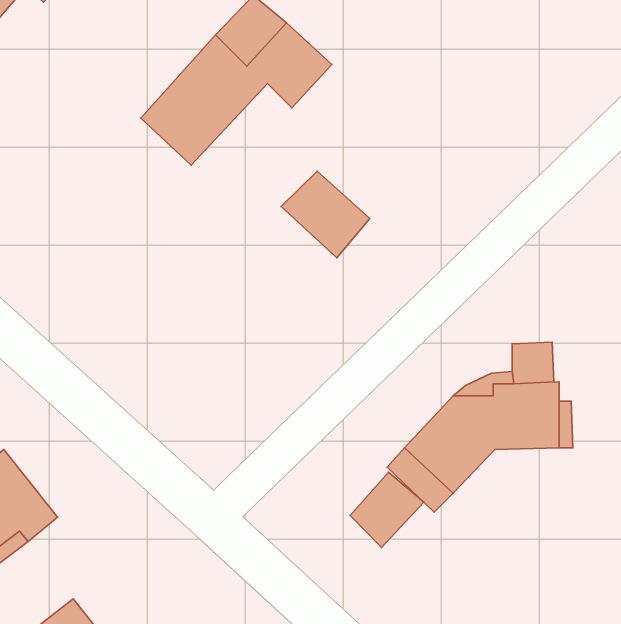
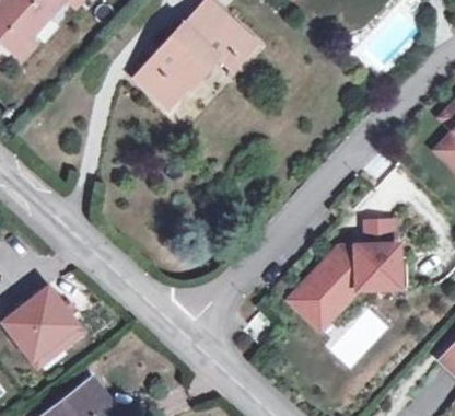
building: [281,171,370,258] -> none
building: [350,472,424,547] -> none

